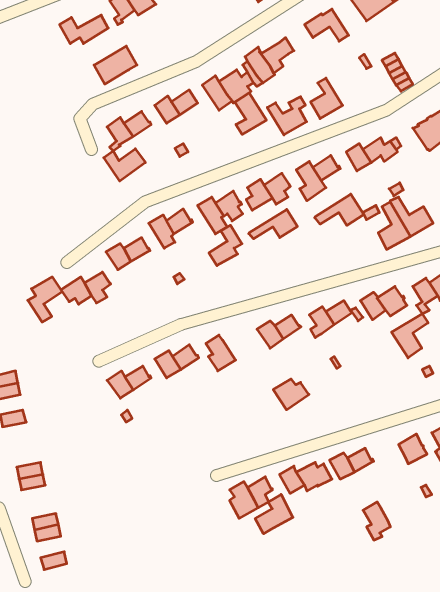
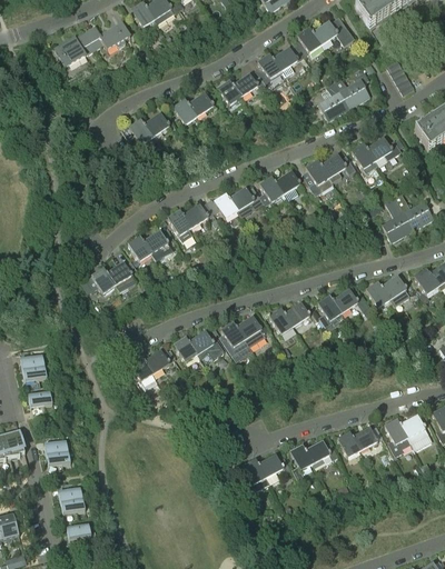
building: none -> [294,27,322,54]
building: [94,46,137,84] -> [53,31,93,67]
building: [235,93,266,134] -> none
building: [267,97,307,135] -> [333,71,369,107]
building: [104,149,145,181] -> none
building: [315,194,364,225] -> none
building: [249,209,297,239] -> none
building: [209,225,242,266] -> none
building: [28,277,62,322] -> none
building: [392,314,428,358] -> none
building: [273,379,309,410] -> [236,316,269,345]
building: [255,494,293,534] -> none
building: [363,502,390,540] -> [384,418,409,453]

